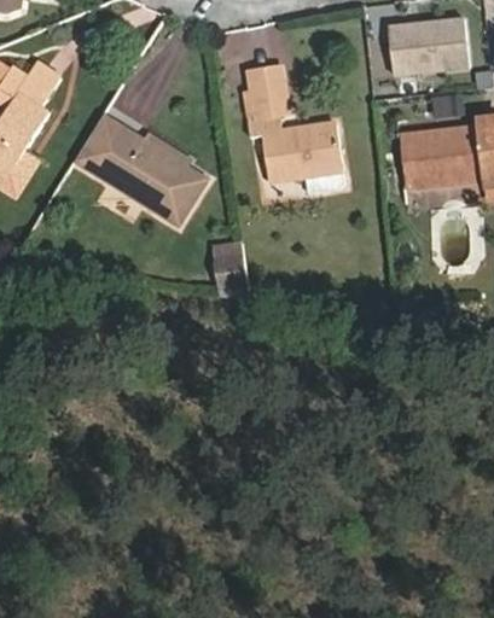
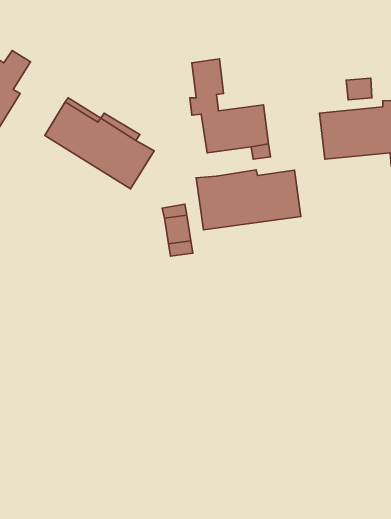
building: [388,18,467,75] -> none
building: none -> [196,170,301,230]

